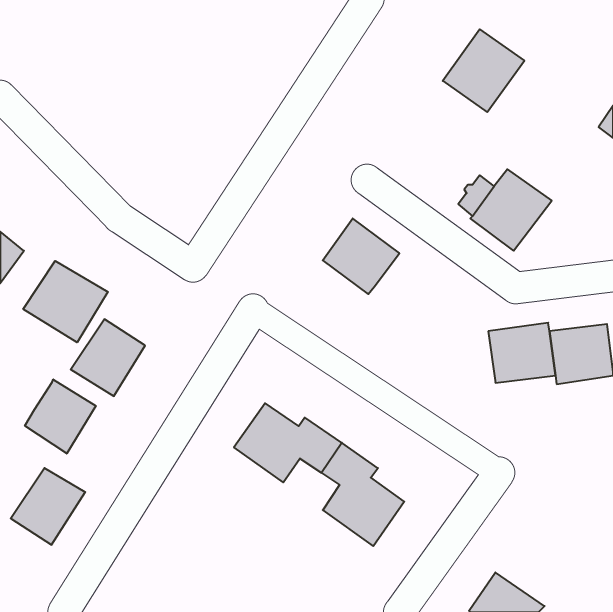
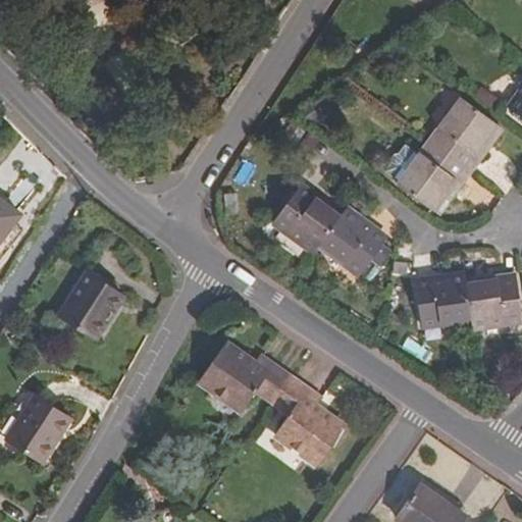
building: [443,29,524,112] -> [431,100,501,170]
building: none -> [318,207,385,274]
building: [23,261,108,342] -> none
building: [25,379,96,454] -> none

